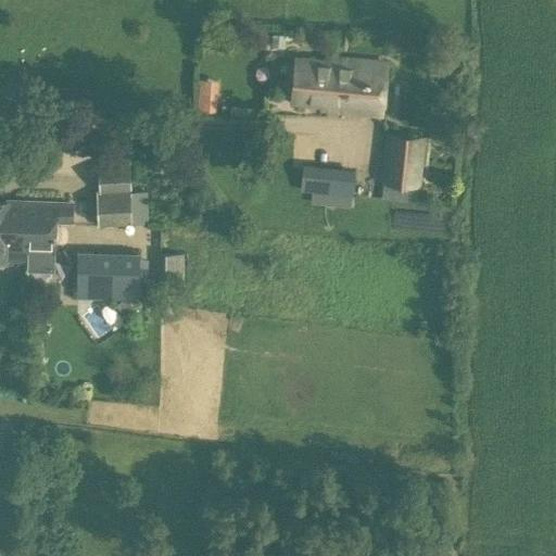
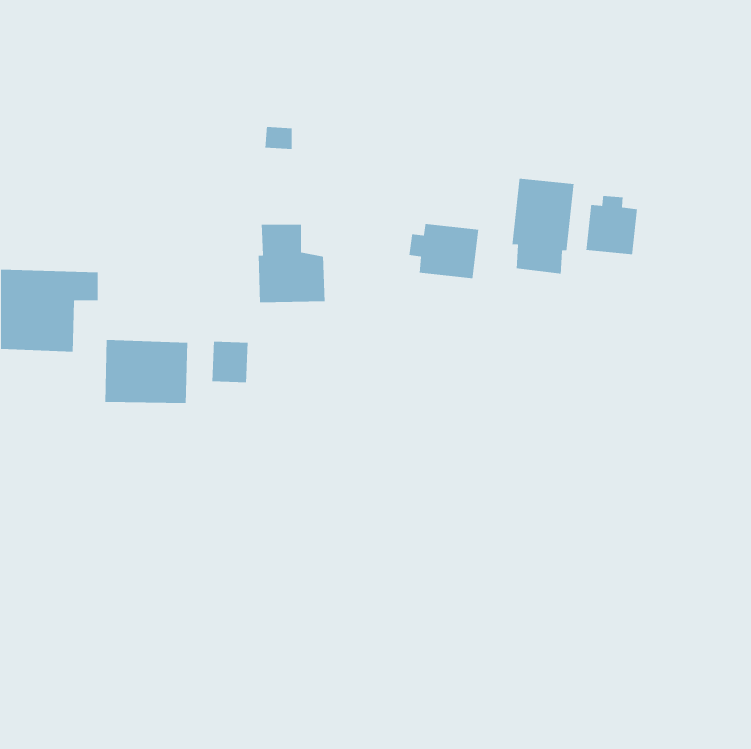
building: [292,59,384,115] -> none
building: none -> [585,195,638,255]
building: [96,167,146,226] -> [258,224,325,303]

